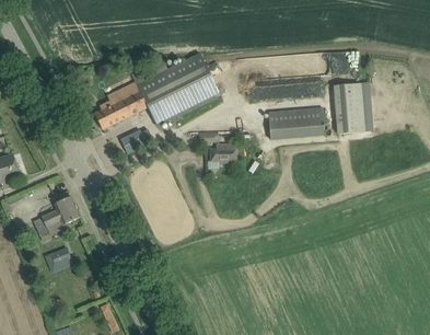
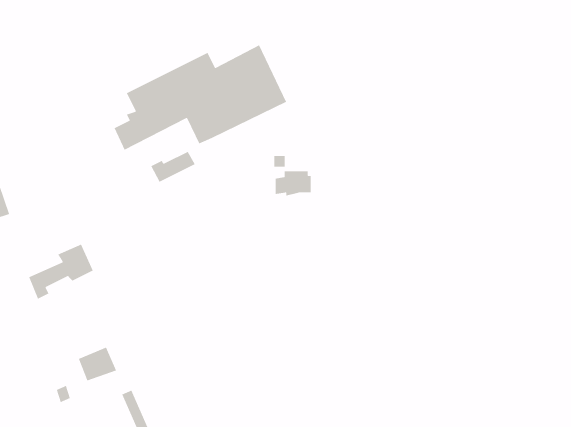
building: [334,80,365,129] -> none
building: [267,107,324,139] -> none
building: [45,246,73,272] -> [78,346,117,381]

